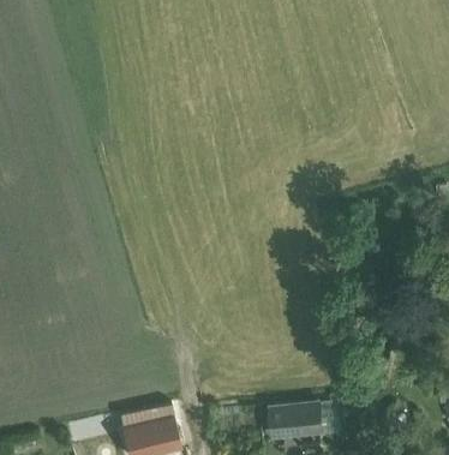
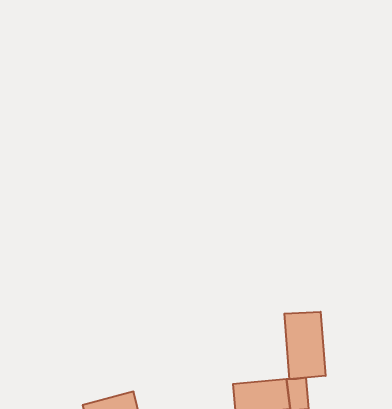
building: none -> [284,312,326,379]

